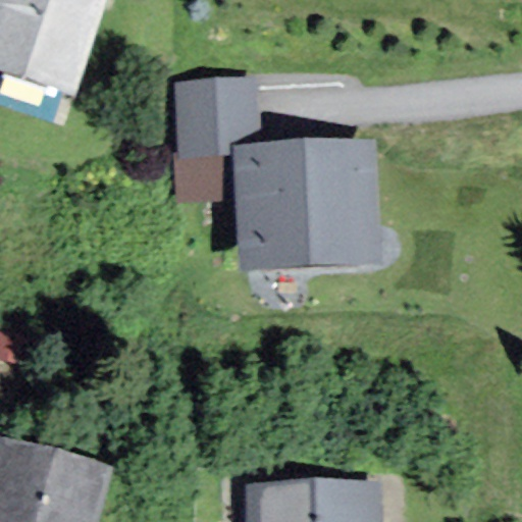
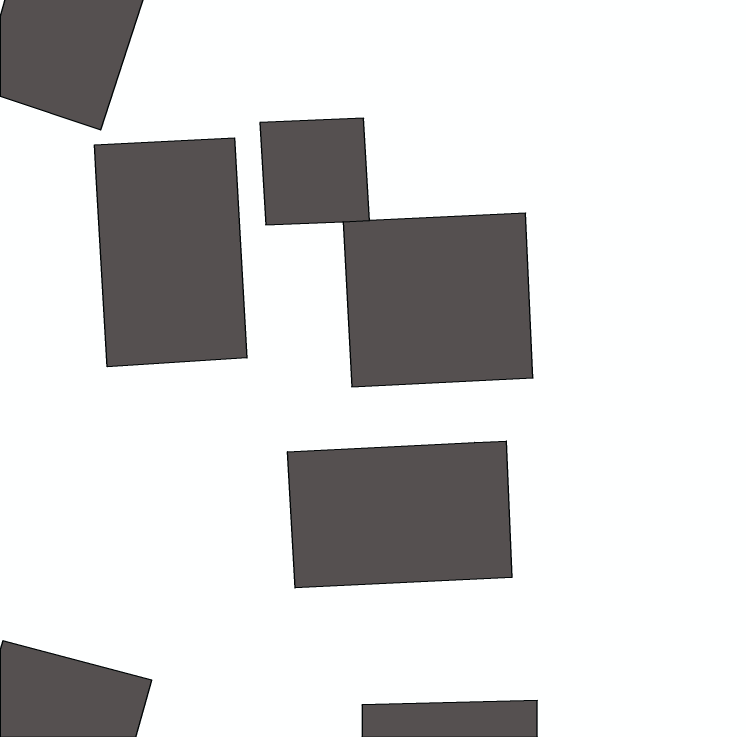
building: none -> [95,138,247,367]
building: none -> [288,441,512,588]

